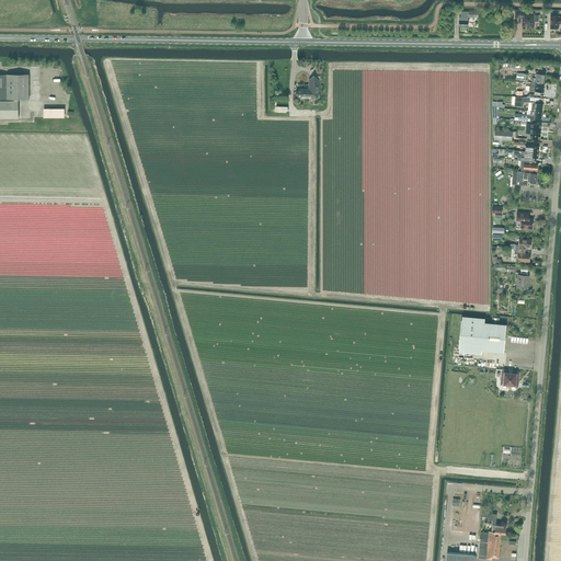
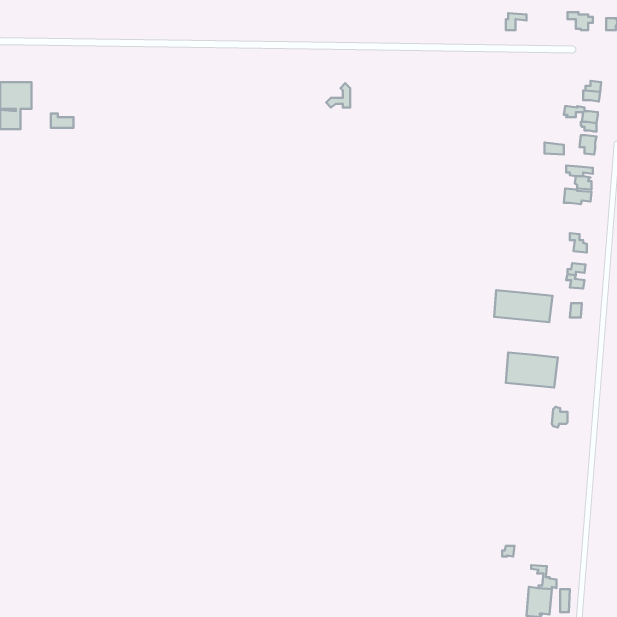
building: none -> [494,290,552,322]

